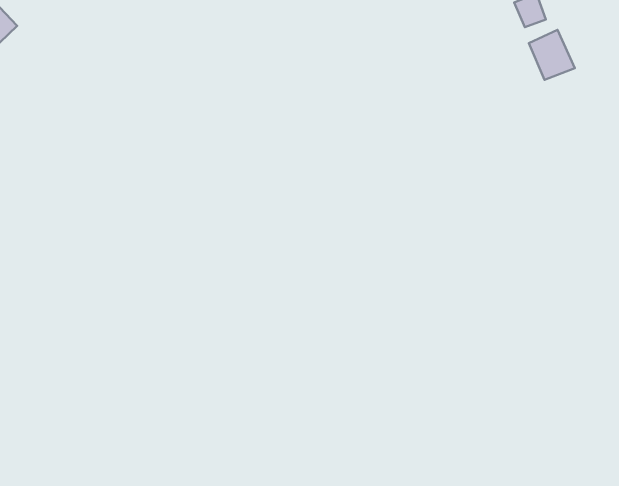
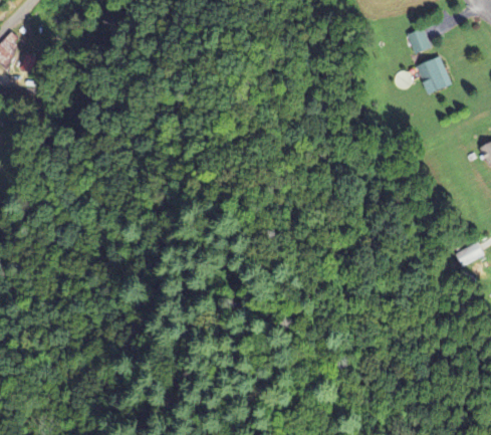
building: none -> [453,242,482,266]

